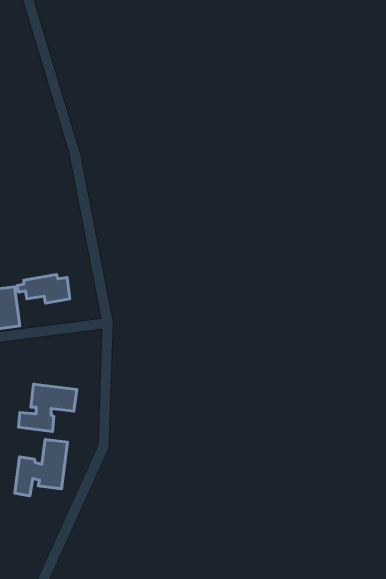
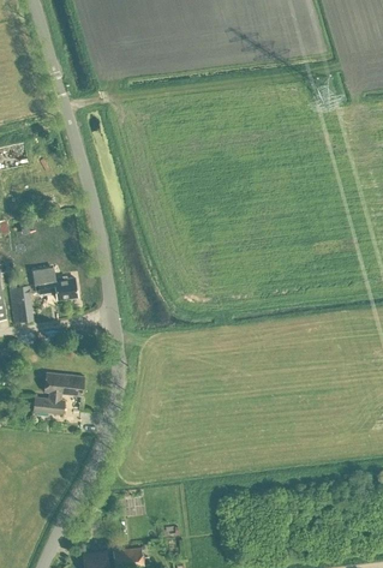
building: [15,439,67,496] -> none

